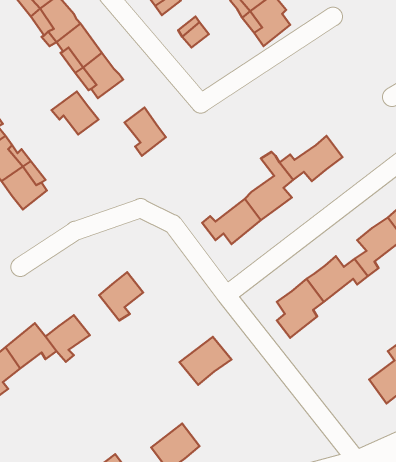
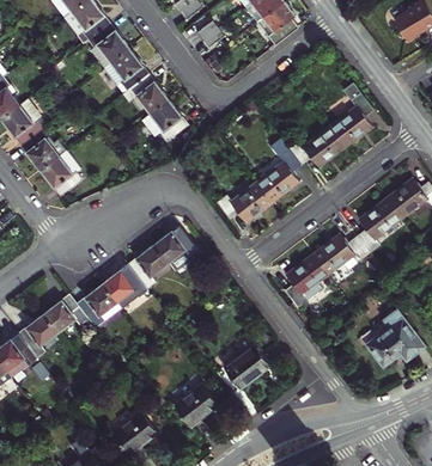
building: none -> [330,84,375,146]
building: [52,92,98,134] -> [126,76,168,115]
building: none -> [152,229,196,266]
building: none -> [104,269,145,305]
building: [179,337,232,385] -> [221,344,268,387]

